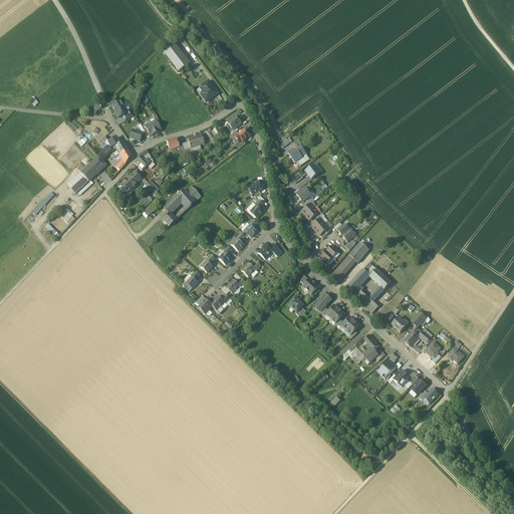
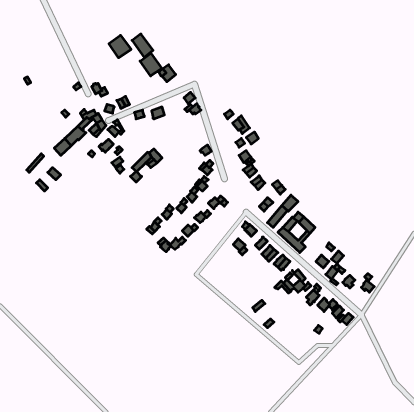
building: none -> [109,35,131,58]
building: none -> [140,53,162,76]

